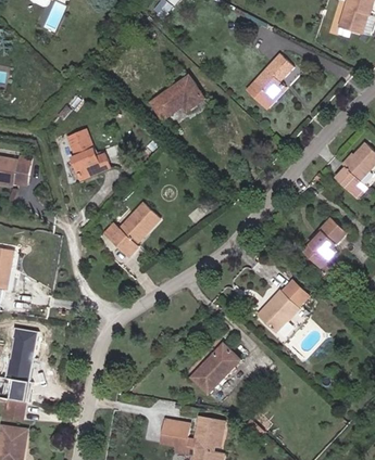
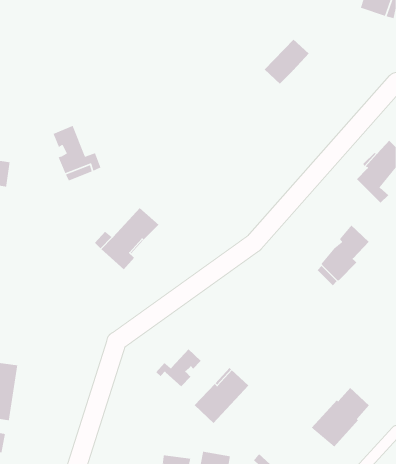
building: [150,75,204,119] -> none
building: [246,80,285,107] -> none
building: [257,279,309,332] -> [311,387,370,447]
building: none -> [155,348,202,387]

